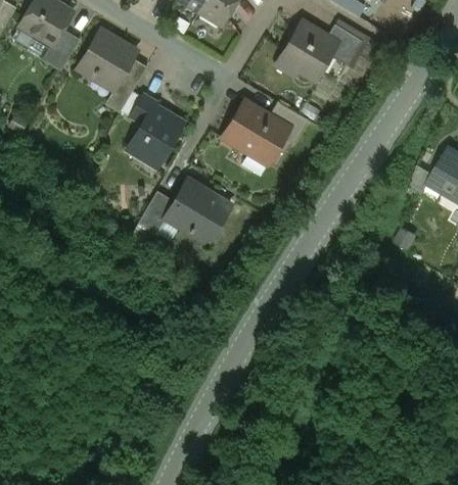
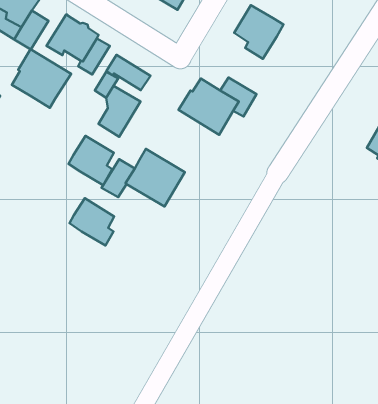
building: [326,25,360,65] -> none
building: none -> [12,49,71,108]
building: none -> [107,55,150,90]
building: none -> [68,136,114,185]
building: none -> [69,198,114,246]

